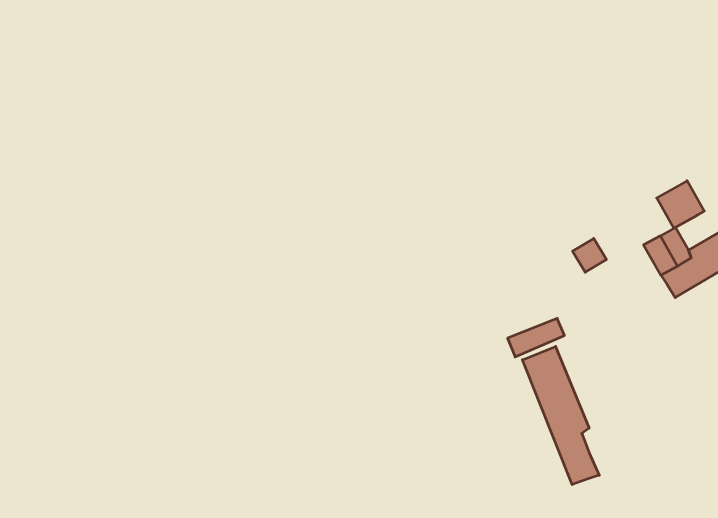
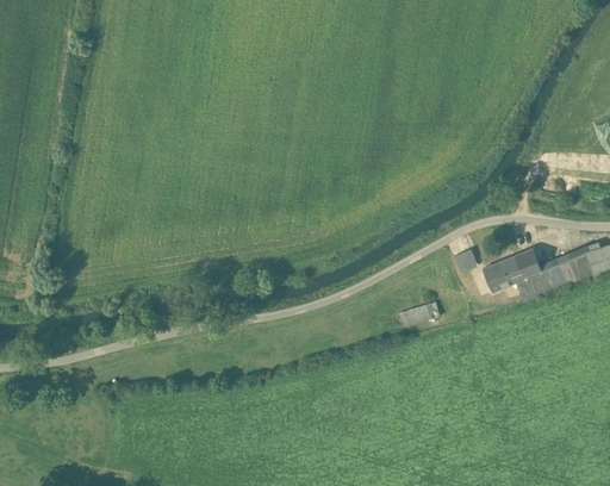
building: [657,181,704,228] -> [484,258,517,292]
building: [522,346,599,485] -> none

